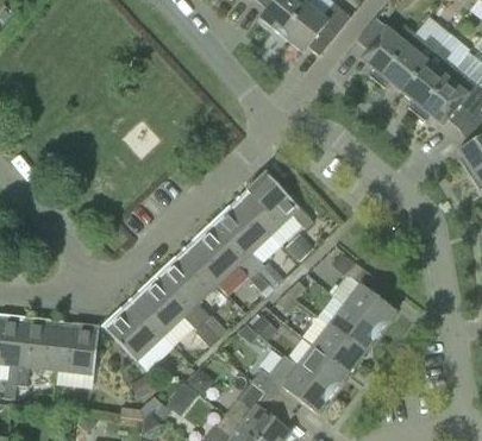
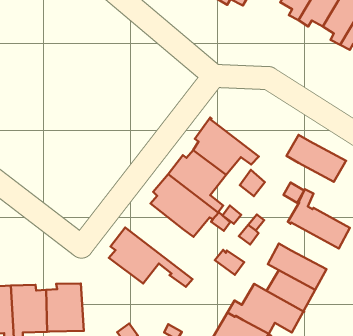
building: [156,251,227,339] -> none
building: [318,295,381,351] -> [286,135,346,182]
building: [101,302,165,361] -> none

